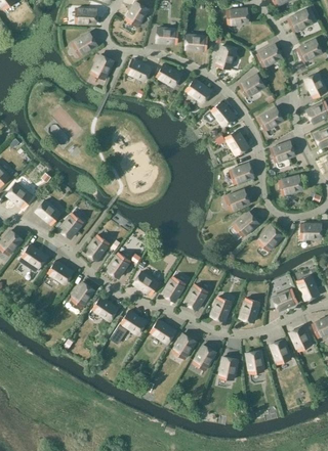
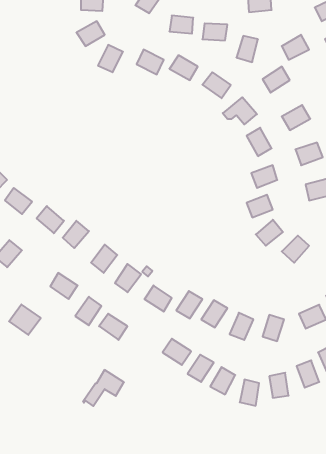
building: [18,244,47,272] -> [9,304,41,335]
building: [109,310,146,343] -> [83,370,124,406]

